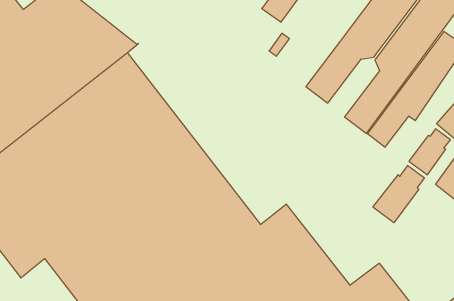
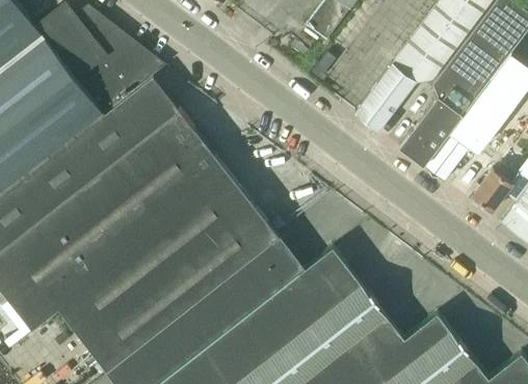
building: [373,165,424,223] -> none

